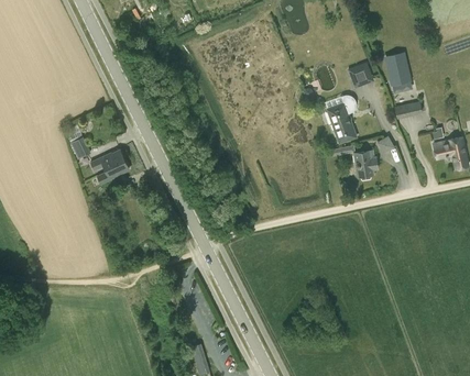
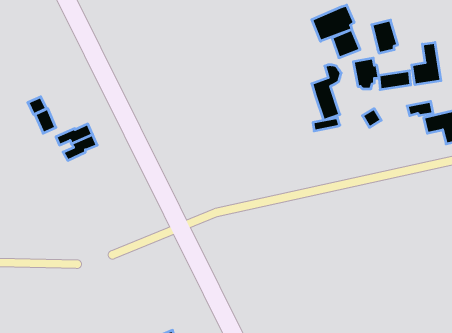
building: none -> [312,5,354,41]
building: none -> [412,42,441,85]
building: [353,151,378,179] -> [353,58,379,89]

